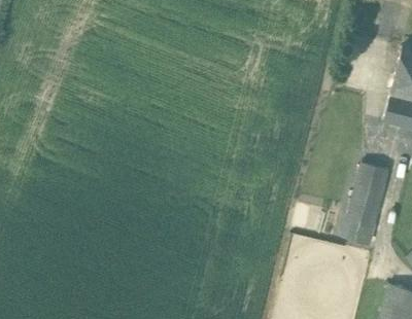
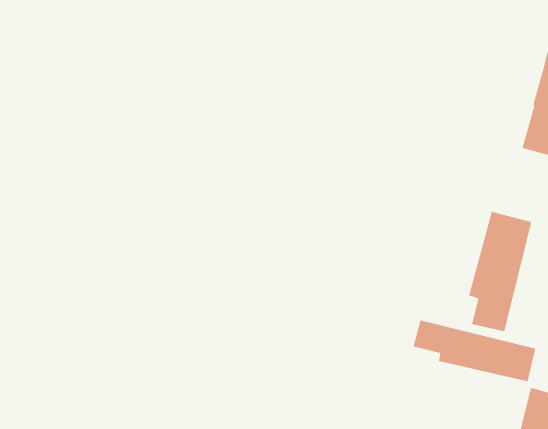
building: none -> [412,320,536,382]

